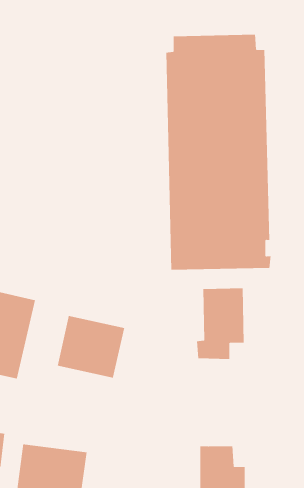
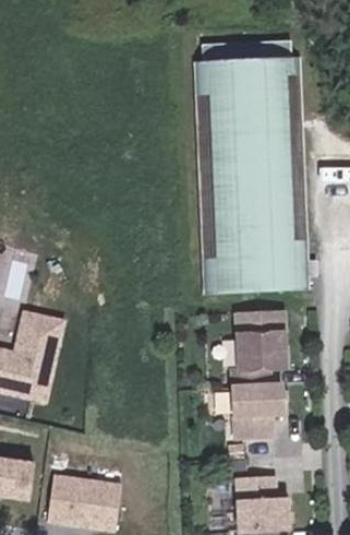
building: [57,315,125,378] -> none
building: none -> [234,383,282,435]

